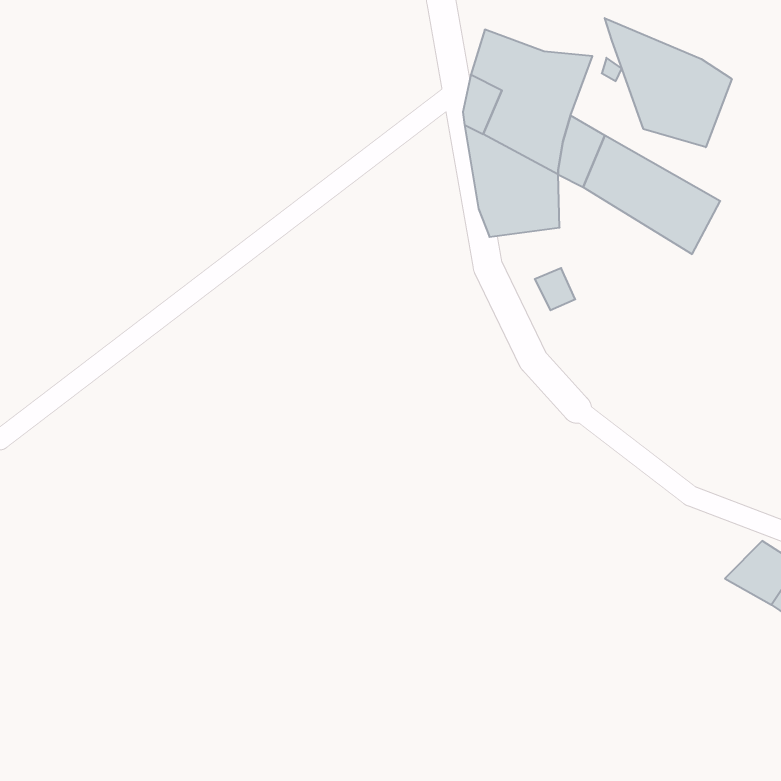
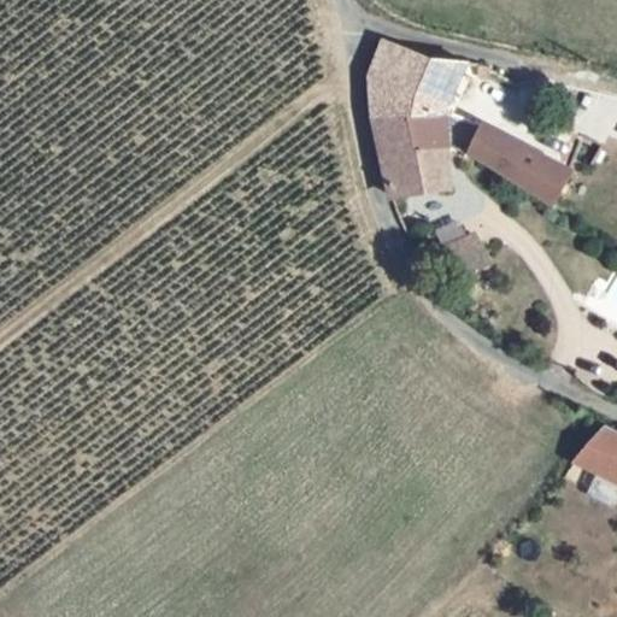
building: [605,18,732,147] -> none

